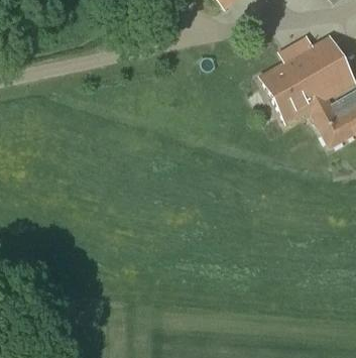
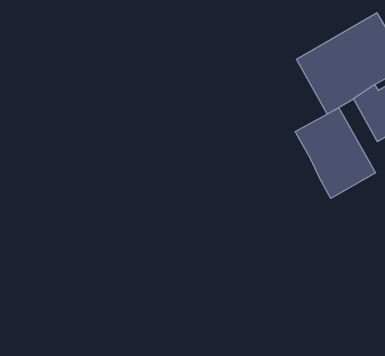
building: none -> [295,108,376,198]

